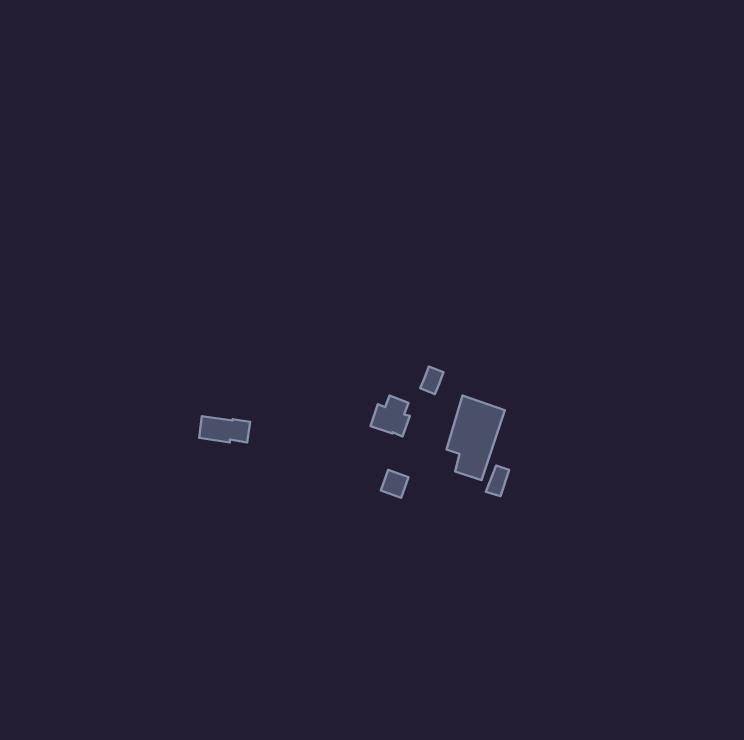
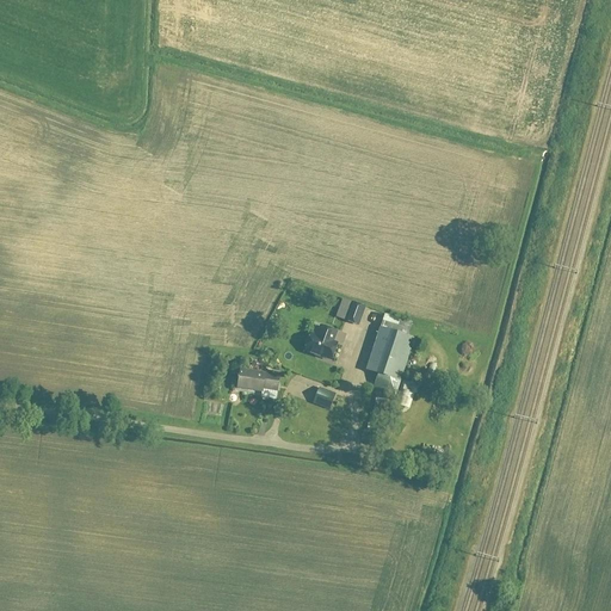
building: [199,416,250,442] -> [236,366,278,388]

